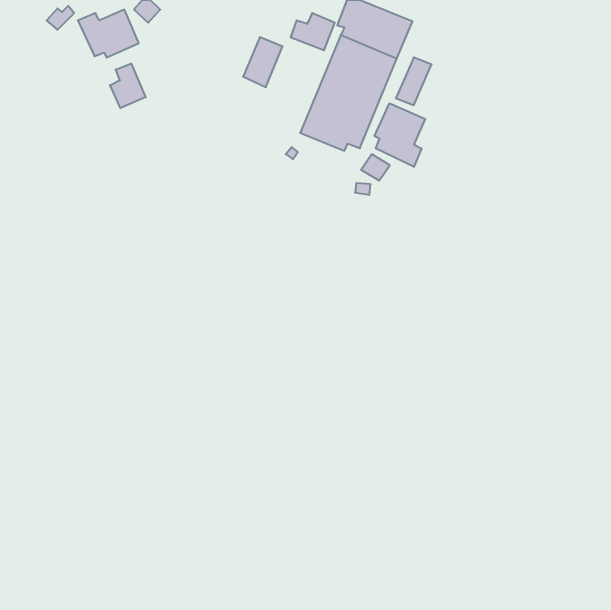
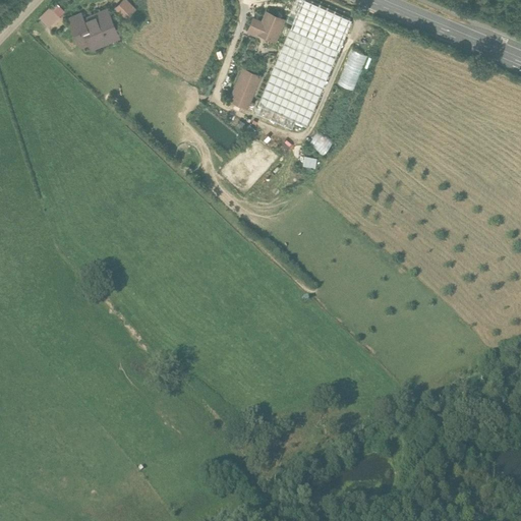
building: [243,37,283,87] -> [228,68,262,111]
building: [110,63,146,108] -> none
building: [375,103,425,167] -> none

